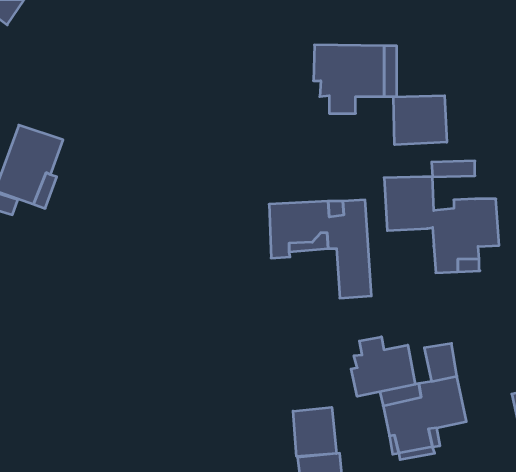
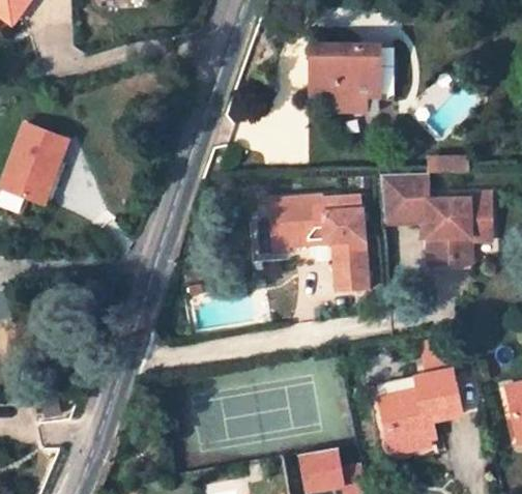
building: [393,96,447,145] -> none
building: [351,337,415,396] -> none
building: [293,407,336,456] -> none

